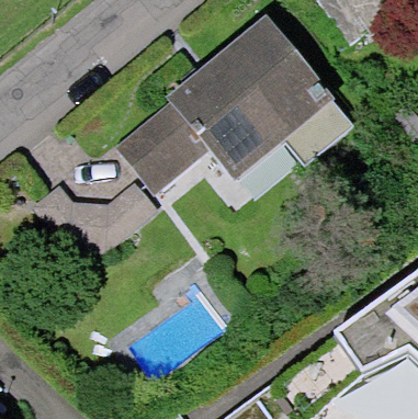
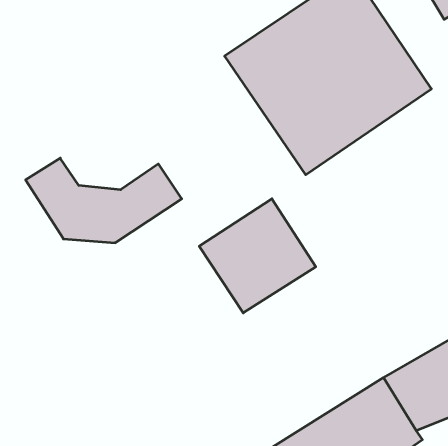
building: [122,106,214,197] -> [199,199,316,313]

